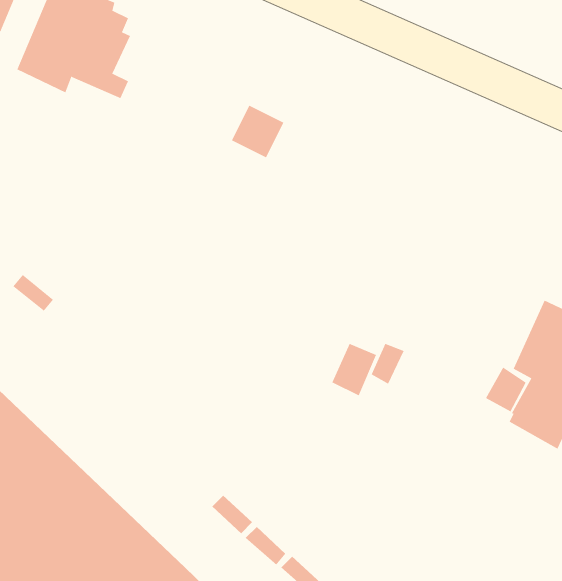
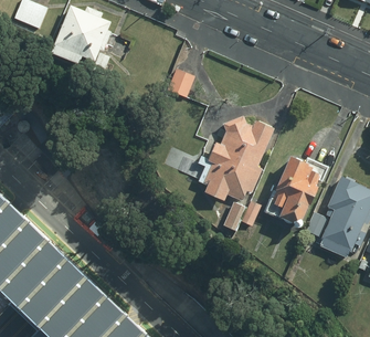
building: none -> [187,107,271,194]
building: none -> [258,146,326,219]

